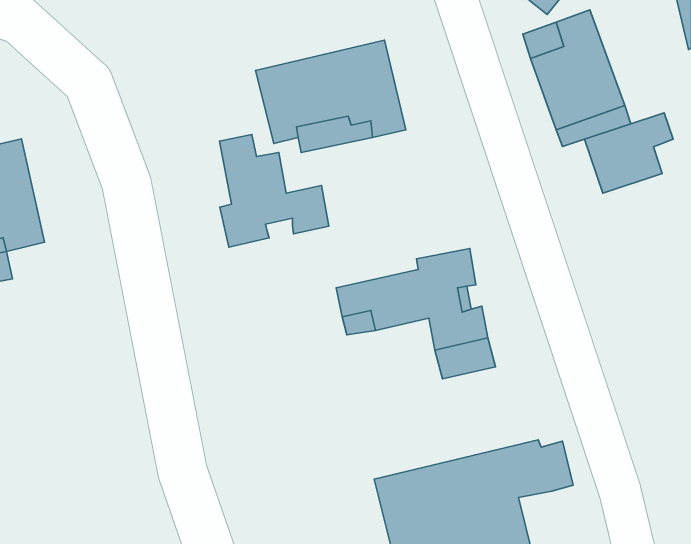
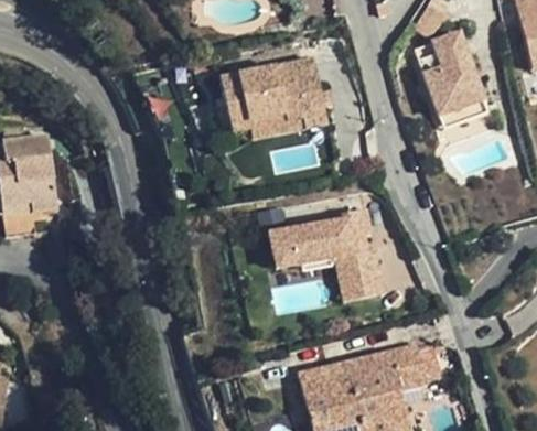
building: [585,113,673,193] -> none
building: [220,135,329,247] -> none

